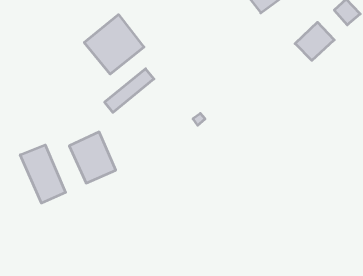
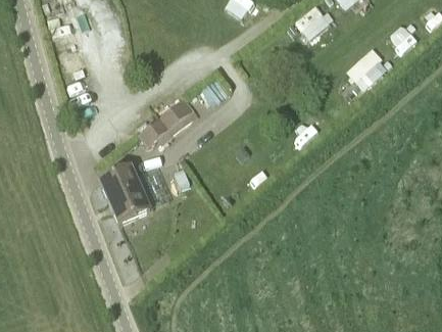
building: [84,15,144,74] -> none
building: [20,145,66,203] -> none

